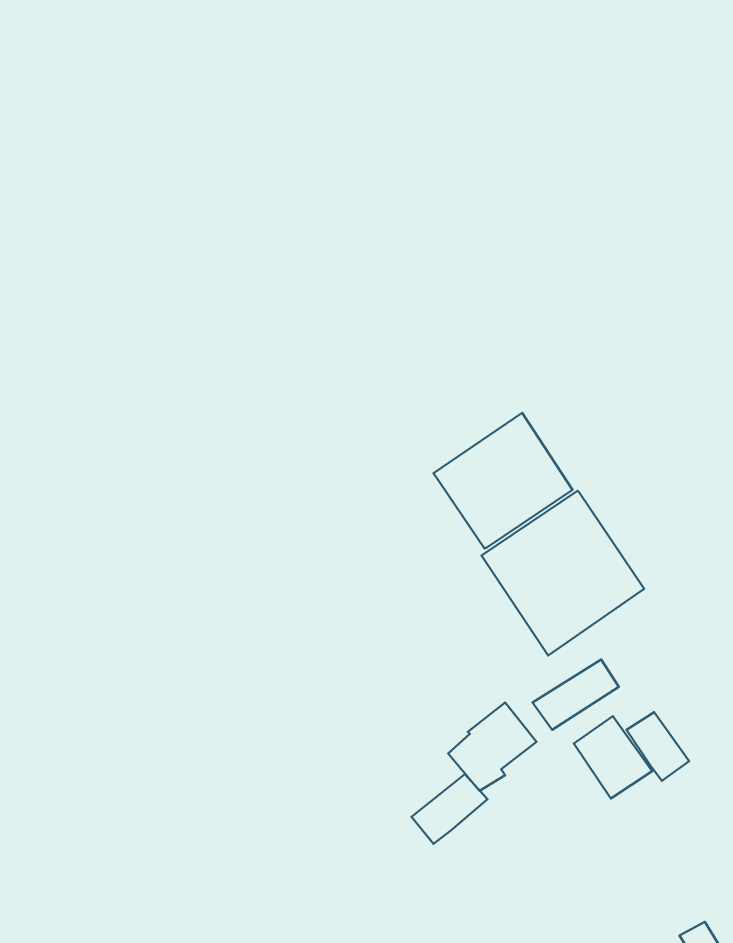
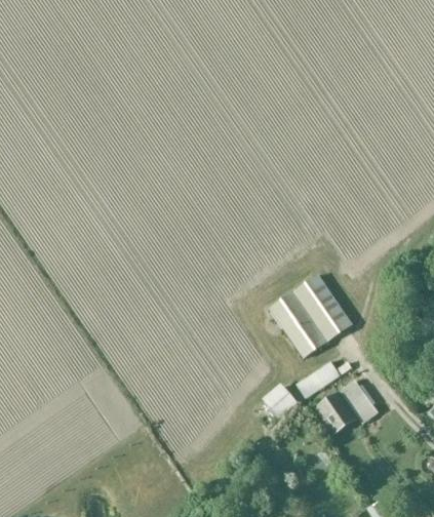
building: [434,413,572,548] -> none
building: [411,774,487,844] -> none

